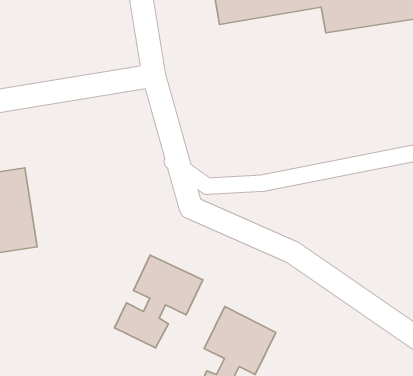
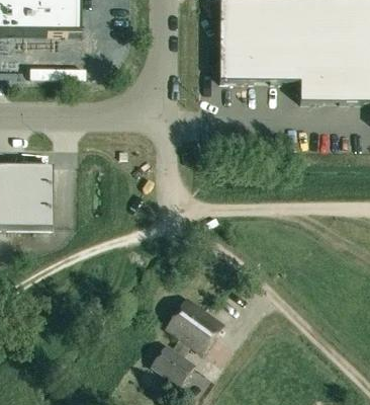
building: [114,255,203,348] -> none

